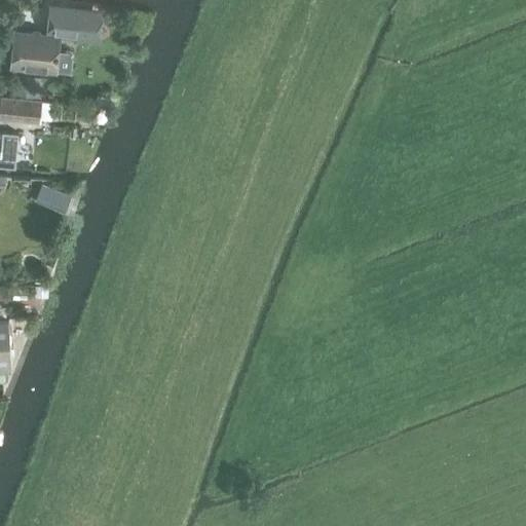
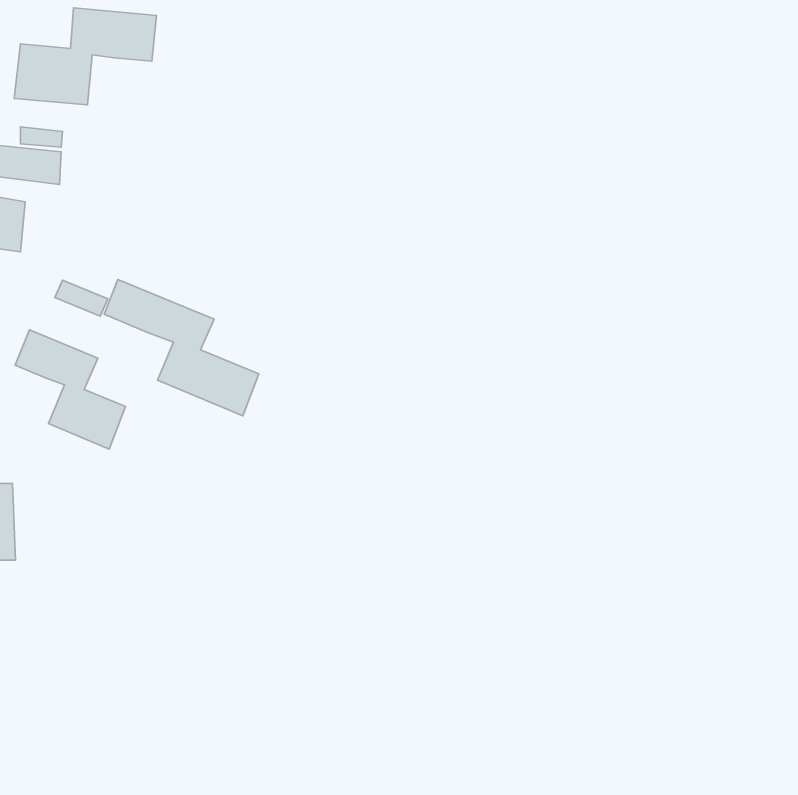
building: none -> [104,279,259,416]
building: none -> [15,330,126,449]

